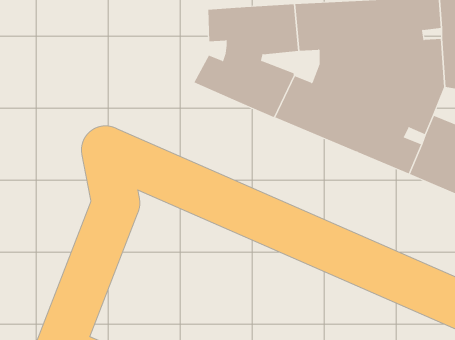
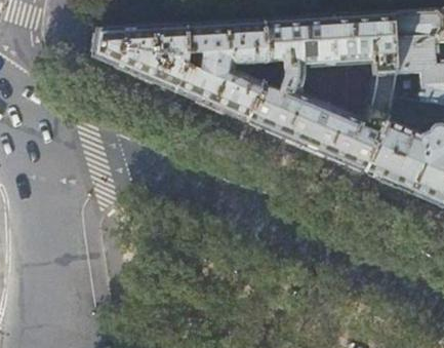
building: none -> [95,27,190,91]

